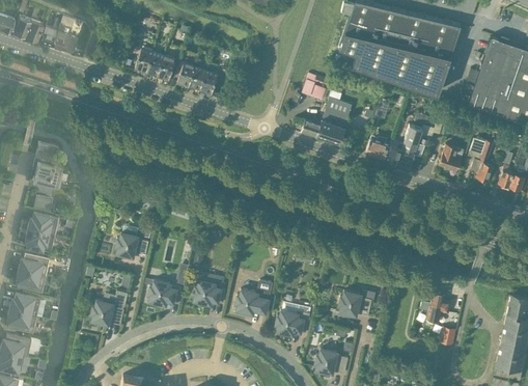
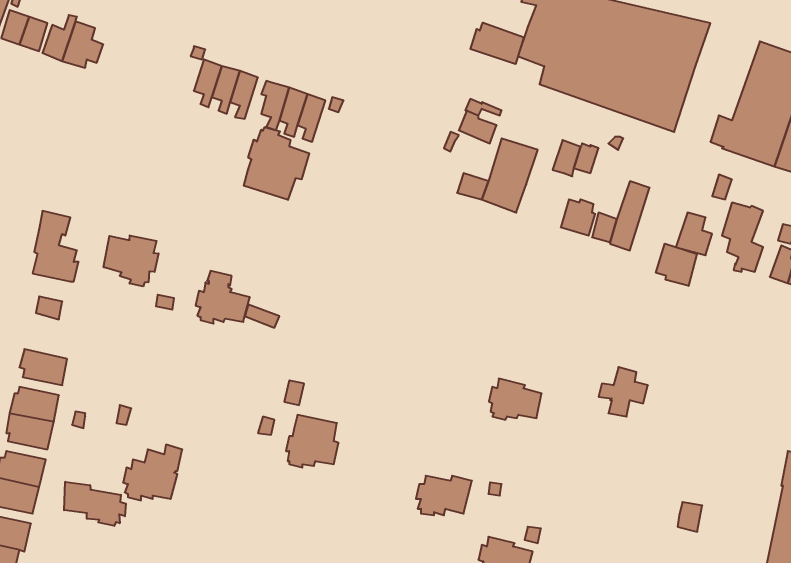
building: none -> [470,23,524,64]
building: none -> [244,127,309,200]
building: none -> [104,235,159,286]
building: none -> [656,244,697,286]
building: [27,215,58,238] -> none
building: [114,226,148,259] -> [196,271,250,324]
building: [147,281,180,307] -> none
building: [234,291,268,316] -> none
building: [337,292,370,318] -> [489,379,542,420]
building: [419,292,450,323] -> [599,367,648,417]
building: none -> [64,482,126,526]

